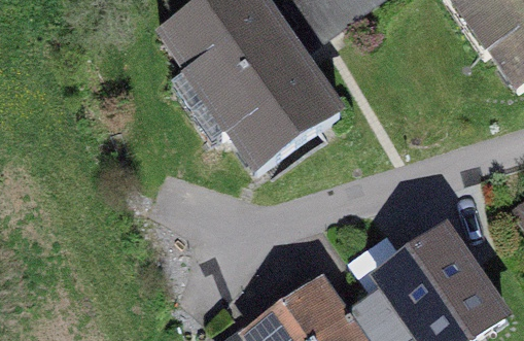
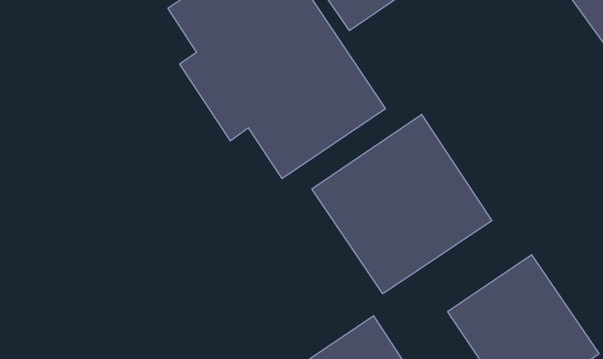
building: none -> [312,114,492,294]

